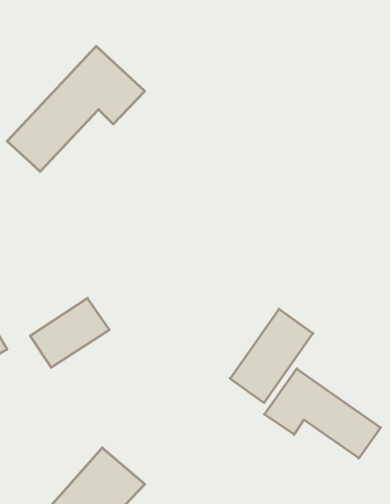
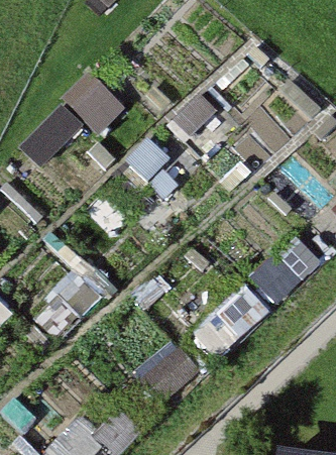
building: [264,369,381,458] -> none

